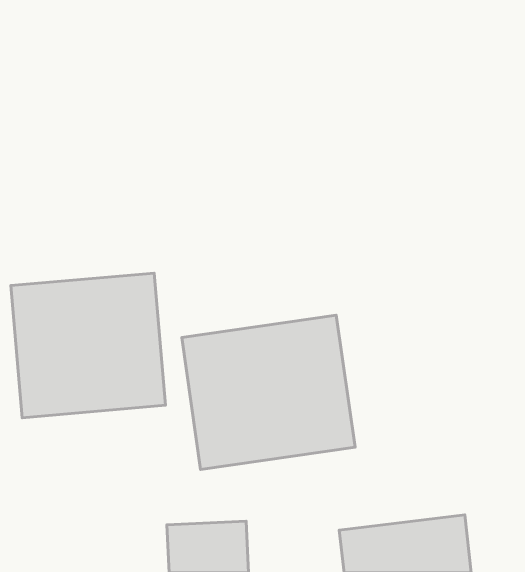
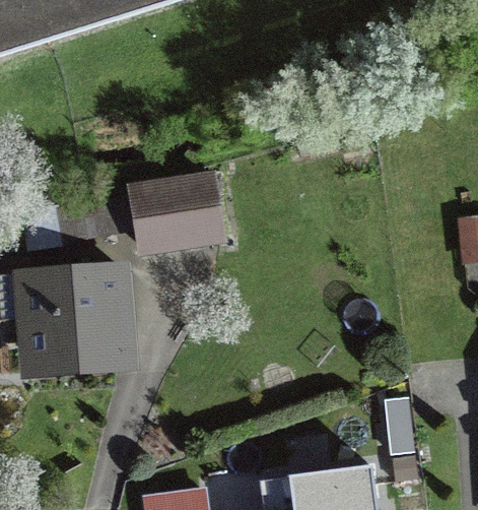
building: none -> [124,173,226,257]
building: [182,315,355,470] -> none

